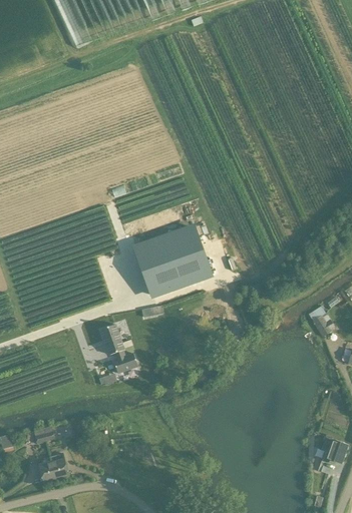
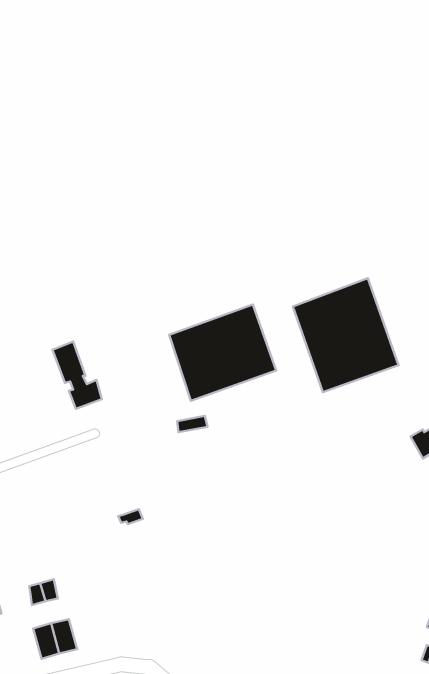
building: none -> [293,278,399,392]
building: [98,321,134,370] -> [52,342,102,409]

